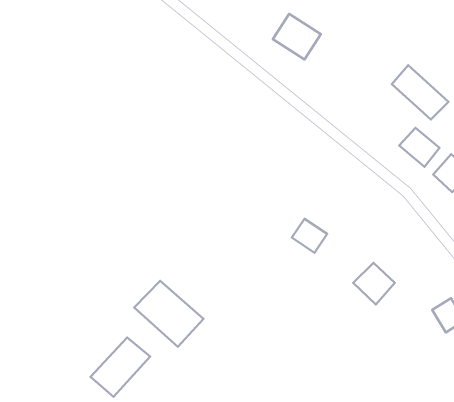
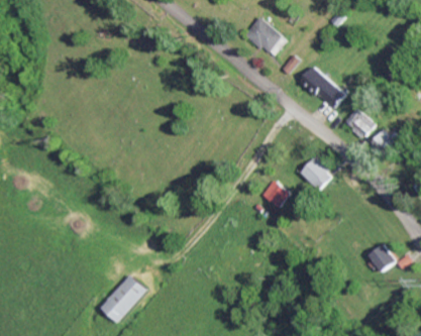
building: [392,65,449,119] -> [301,66,346,109]
building: [353,263,395,304] -> [299,156,332,190]
building: [134,281,204,347] -> none

